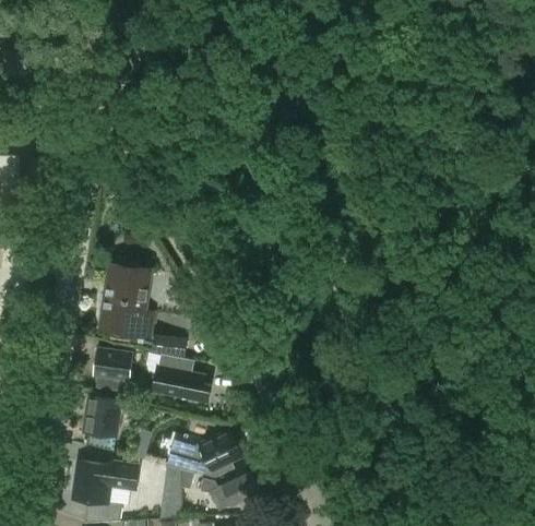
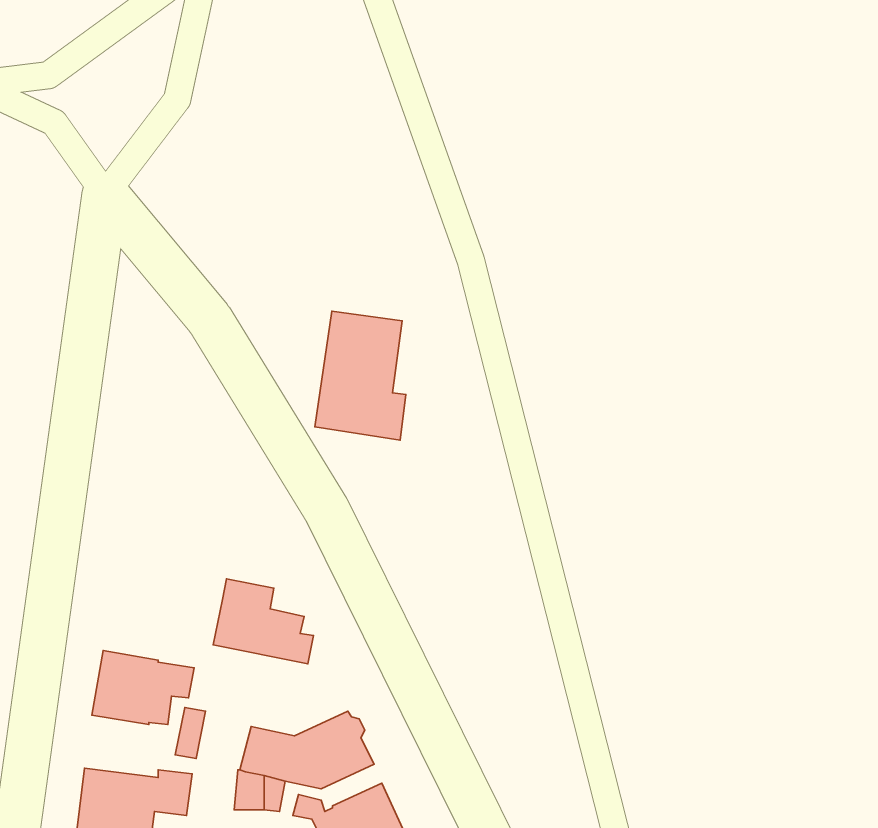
building: [98,264,151,338] -> [315,311,406,440]
building: [150,334,186,357] -> none
building: [92,348,133,393] -> none

